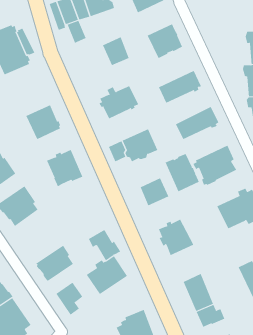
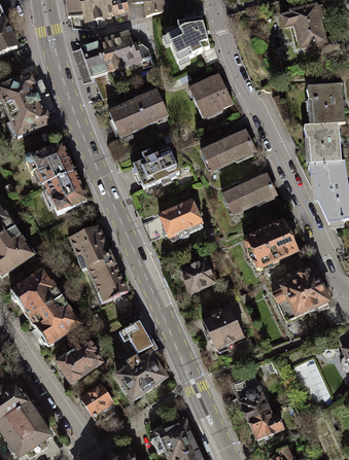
building: none -> [109,100,146,136]
building: none -> [25,143,73,185]
building: [165,153,200,192] -> none
building: none -> [86,257,127,304]
building: none -> [30,296,79,346]

